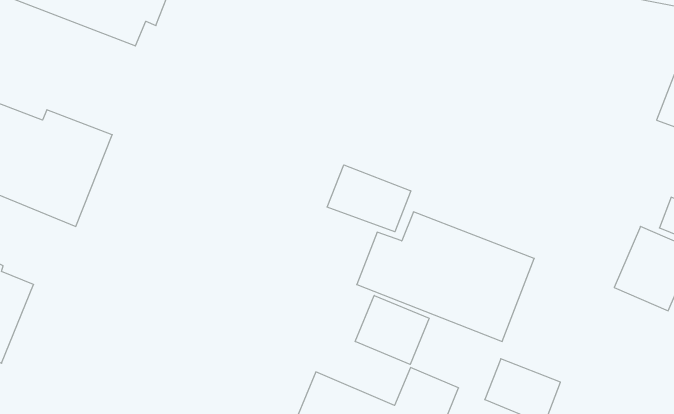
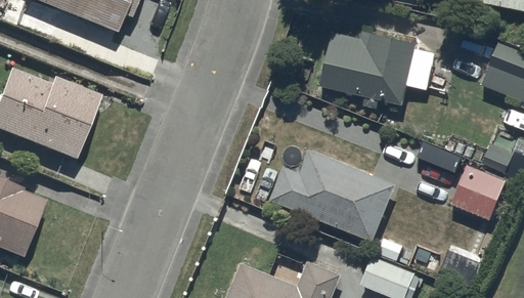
building: none -> [321,28,434,105]
building: [327,165,411,232] -> none
building: [355,295,429,364] -> none

